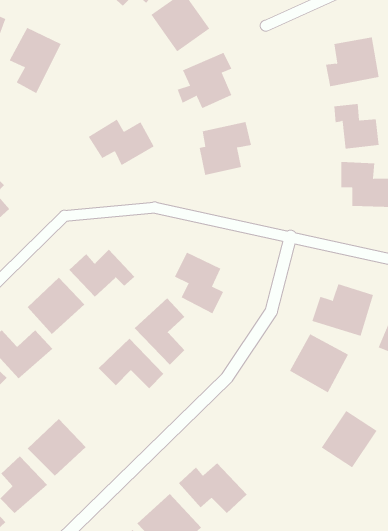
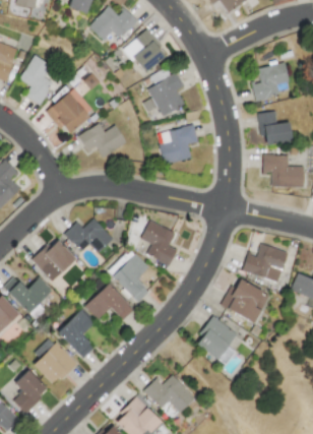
building: none -> [47,87,95,134]
building: none -> [58,310,95,359]
building: [321,410,378,468] -> [195,317,237,360]

